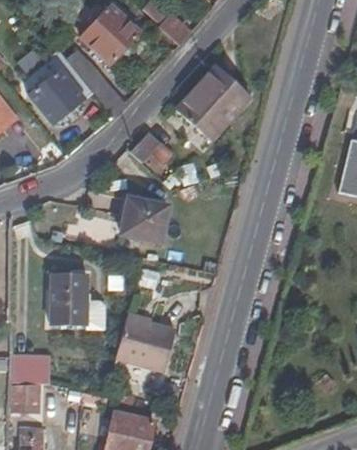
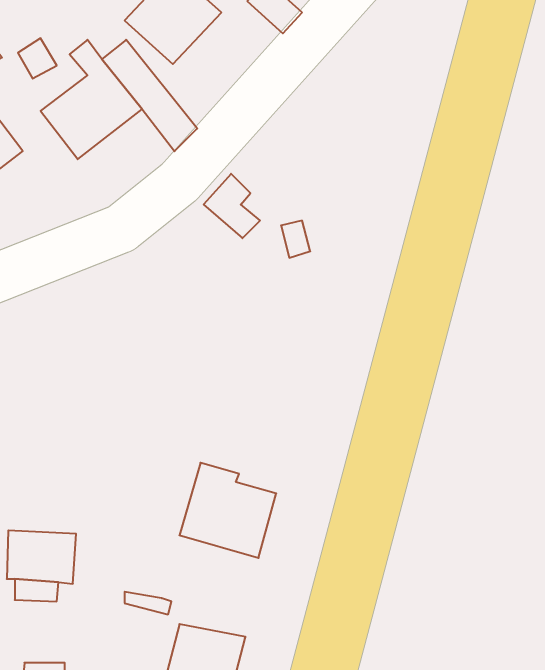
building: [175,65,252,142] -> none
building: [123,197,170,239] -> none
building: [48,274,84,323] -> none

